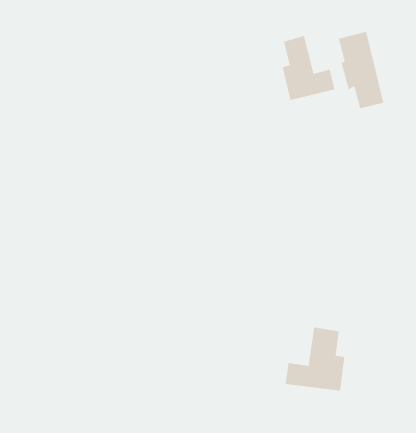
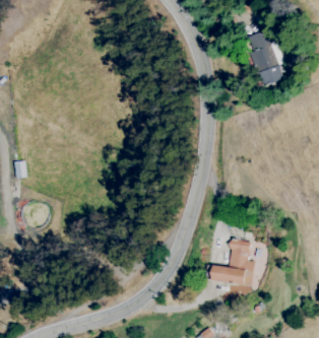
building: [282,35,335,101] -> none

